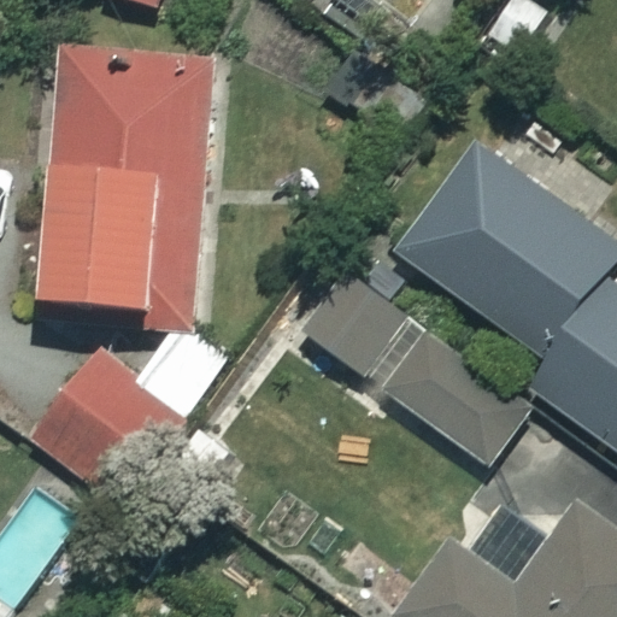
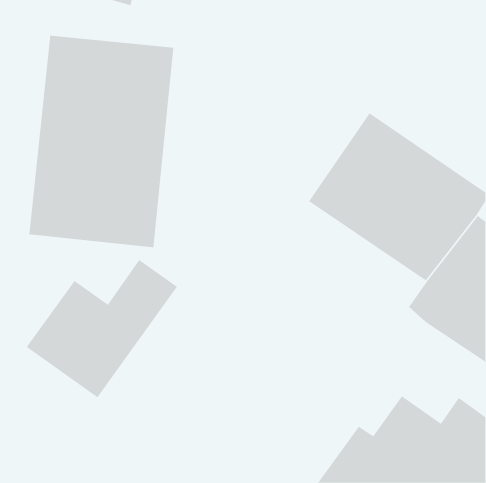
building: [306,275,539,469] -> none

